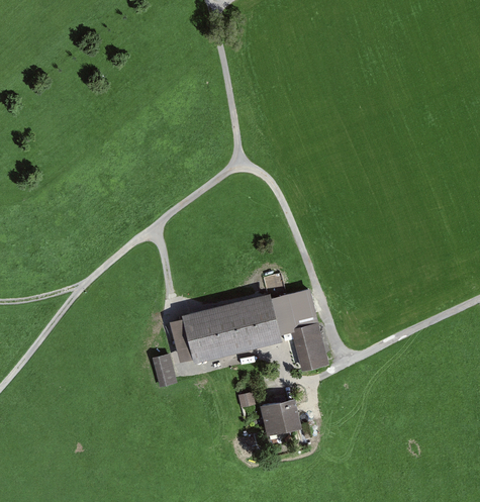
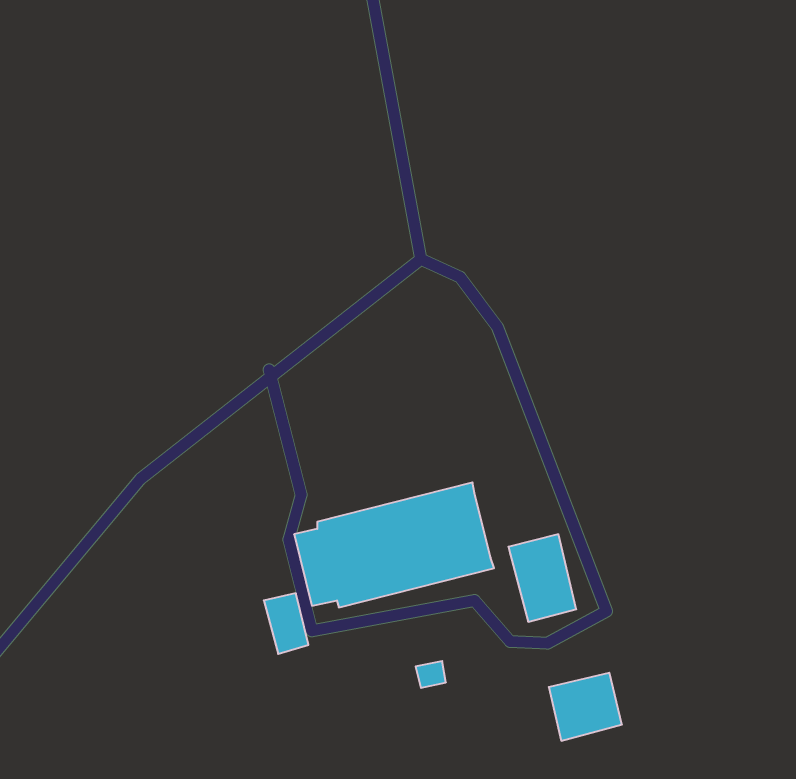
building: [271,289,318,335] -> none
building: [260,398,301,436] -> [549,673,622,741]

